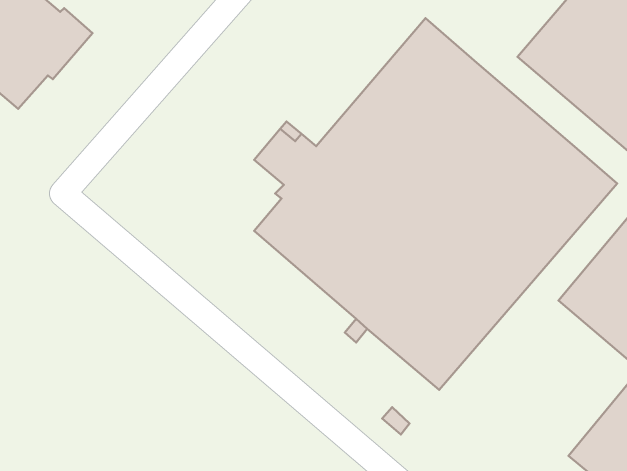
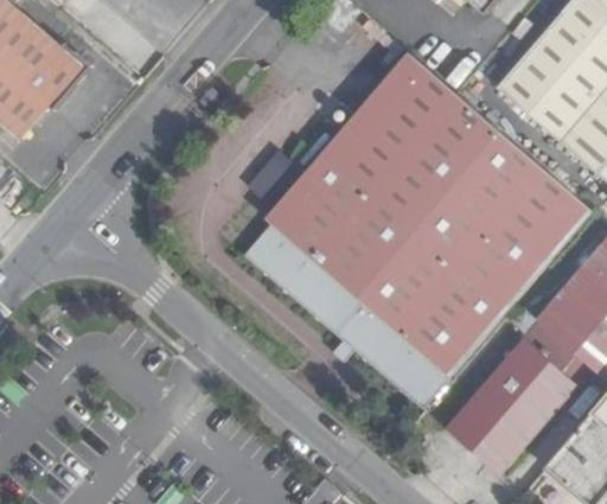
building: none -> [445,338,577,476]

